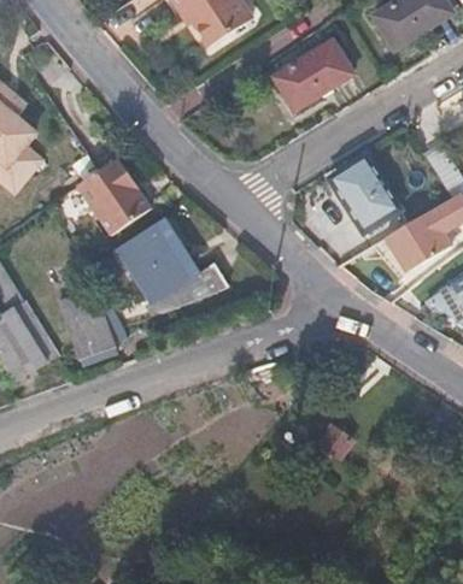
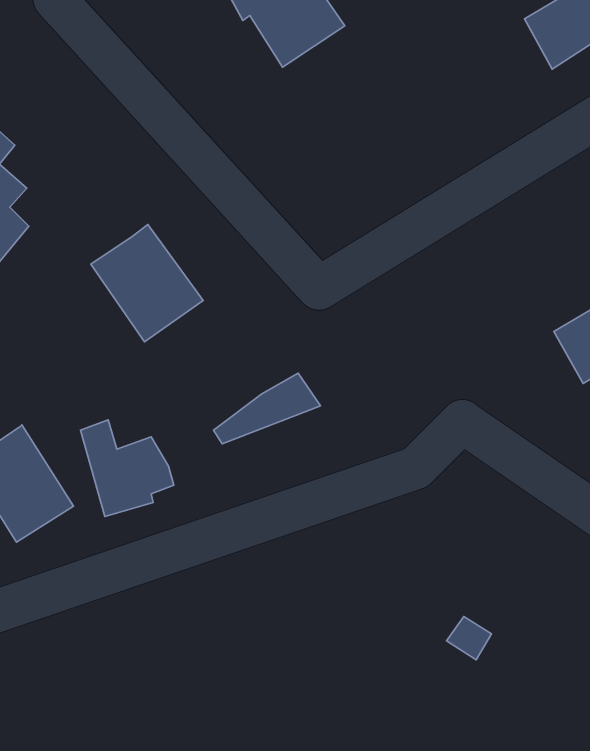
building: [279,41,353,106] -> none
building: [336,155,400,232] -> none
building: [123,225,192,301] -> none

